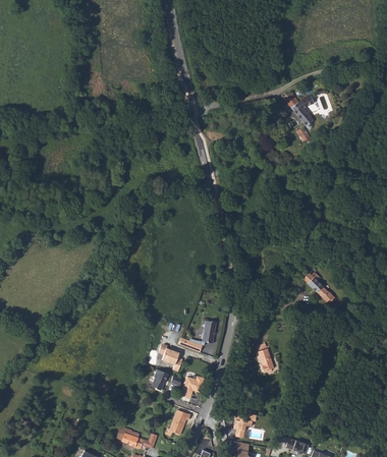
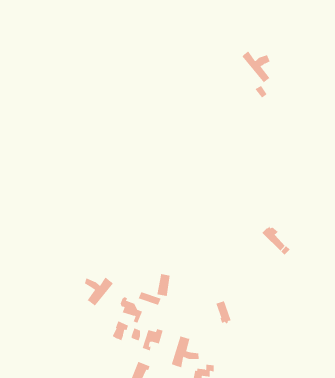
building: none -> [84,276,114,306]
building: none -> [171,336,199,368]

